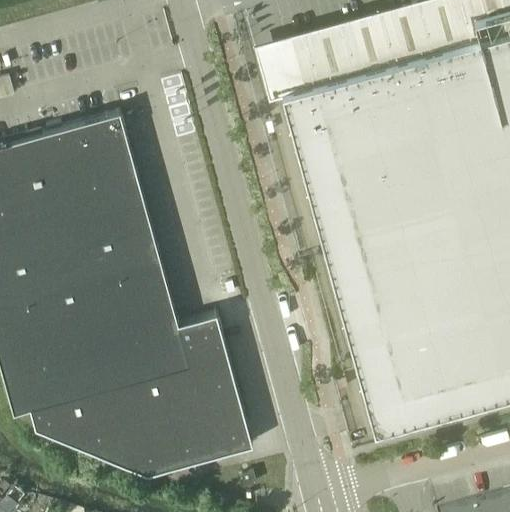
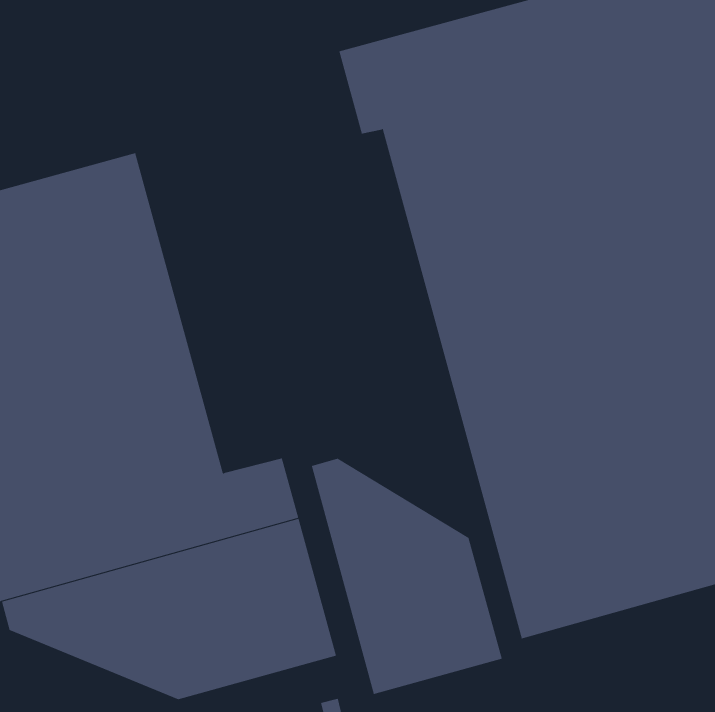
building: none -> [311,458,503,695]

